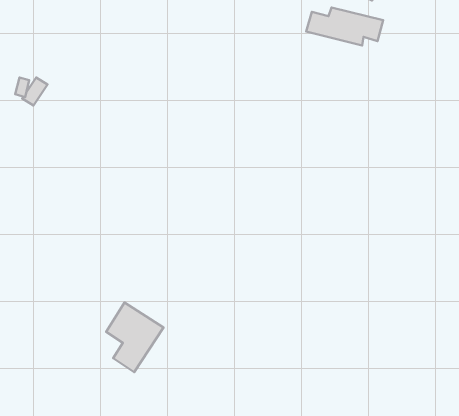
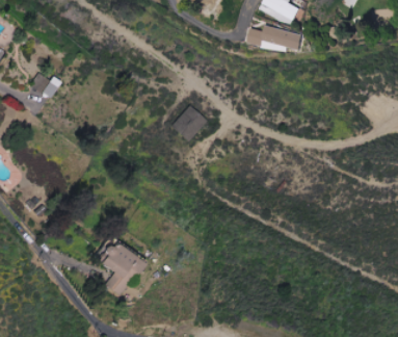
building: none -> [166,106,203,142]

